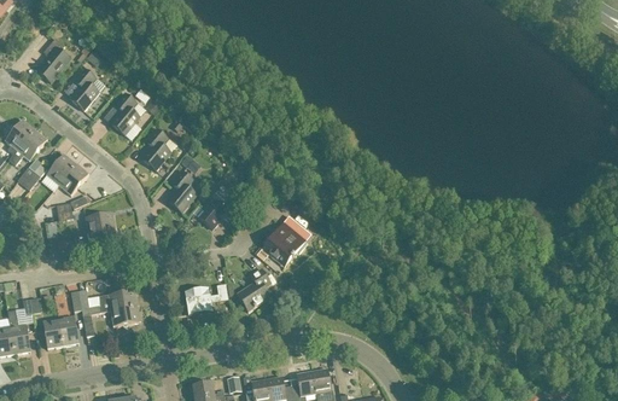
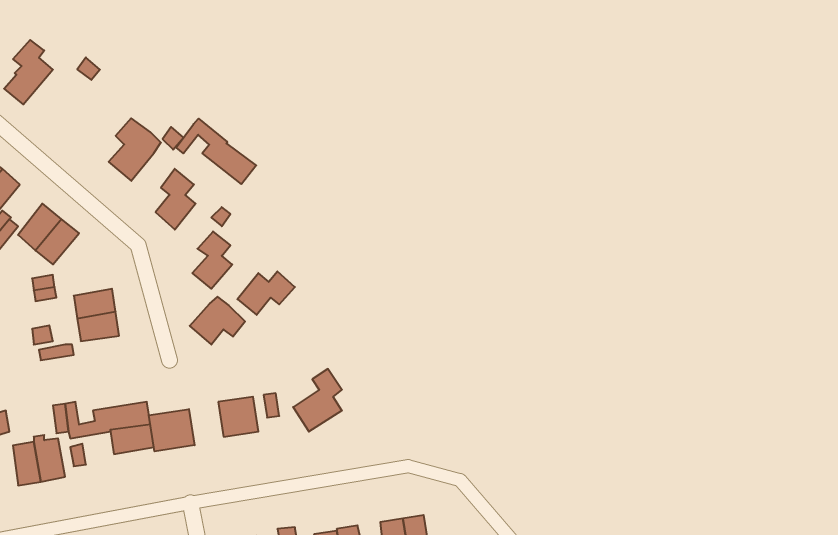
building: [69,69,98,110] -> none
building: none -> [176,119,256,184]
building: [262,216,305,266] -> none
building: none -> [190,297,245,345]
building: none -> [149,409,195,451]

